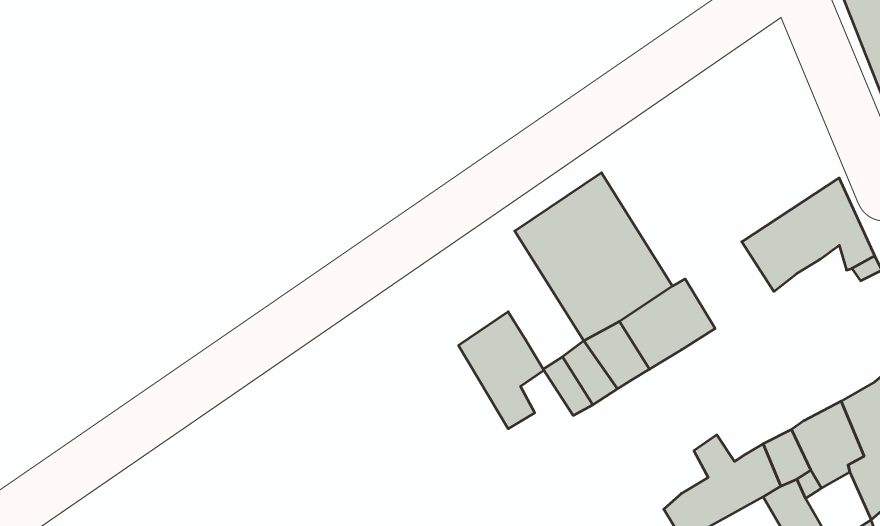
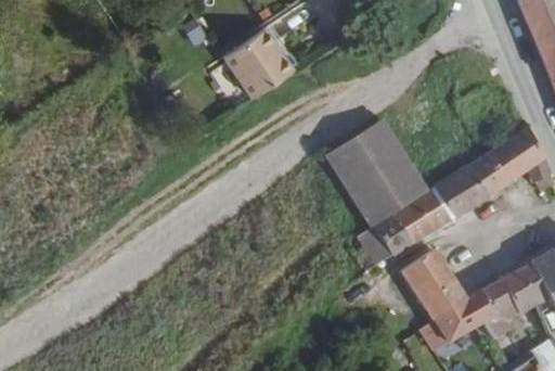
building: none -> [224,28,294,98]
building: none -> [434,166,488,219]
building: [459,312,544,429] -> [401,248,453,320]

